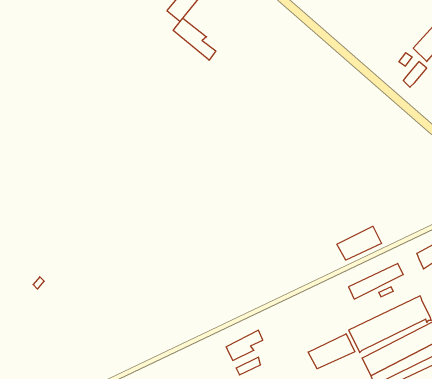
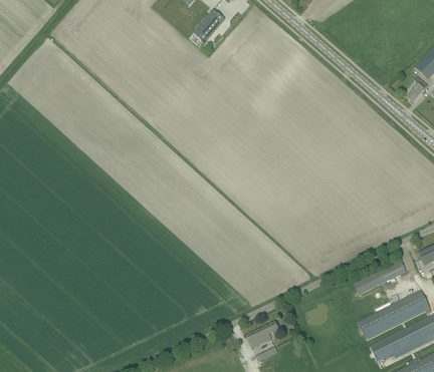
building: [173,18,216,60] -> none
building: [337,226,382,260] -> none
building: [308,334,355,369] -> none

